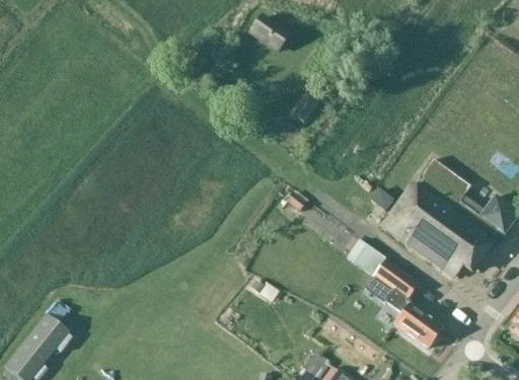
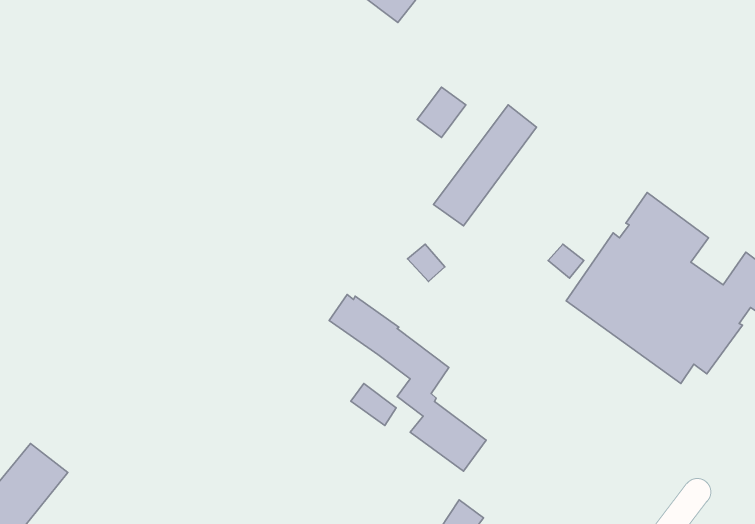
building: none -> [434,105,536,226]
building: [344,237,442,348] -> [329,295,486,471]

